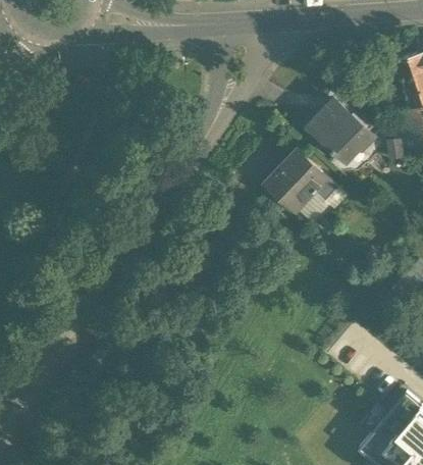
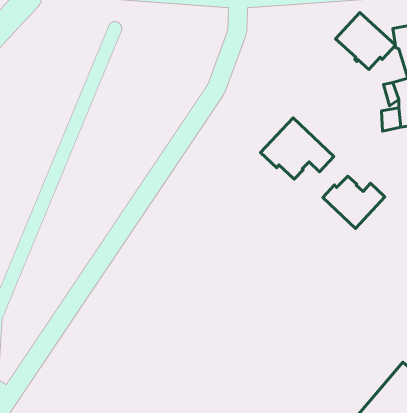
building: [314,104,374,161] -> [335,13,395,70]
building: none -> [323,176,385,228]

